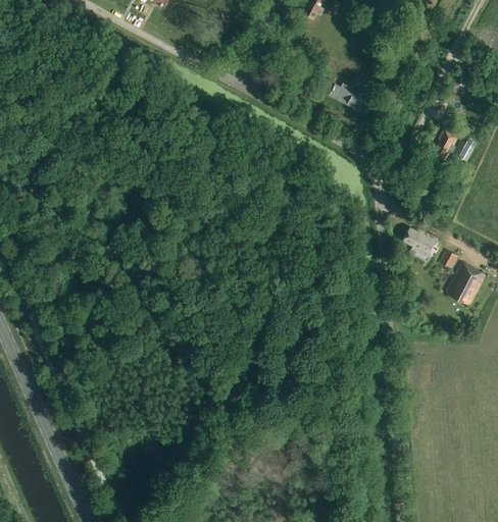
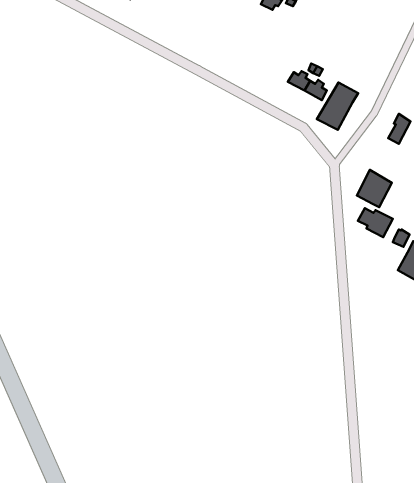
building: none -> [317,82,358,130]
building: none -> [357,170,392,207]

